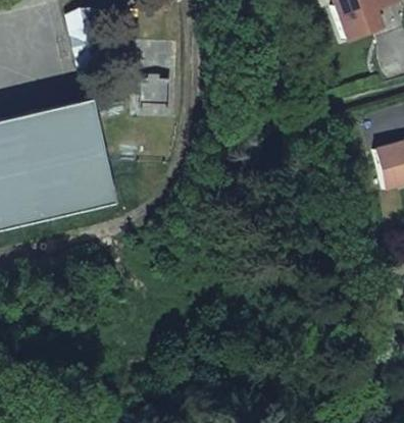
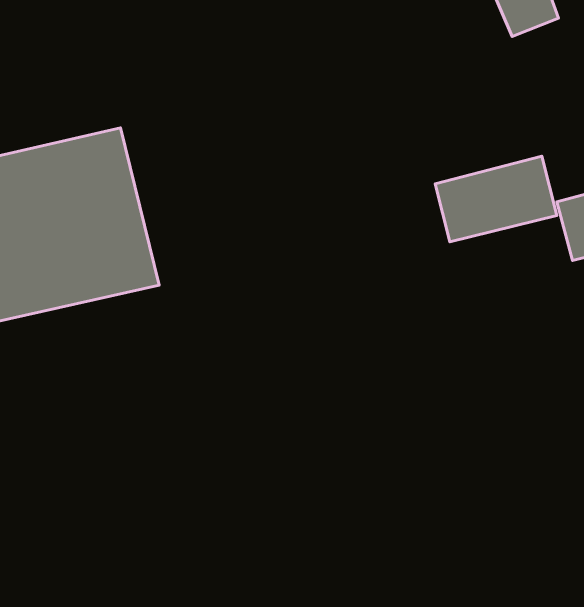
building: none -> [435,156,557,242]

